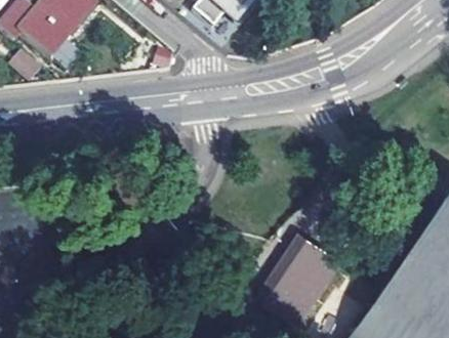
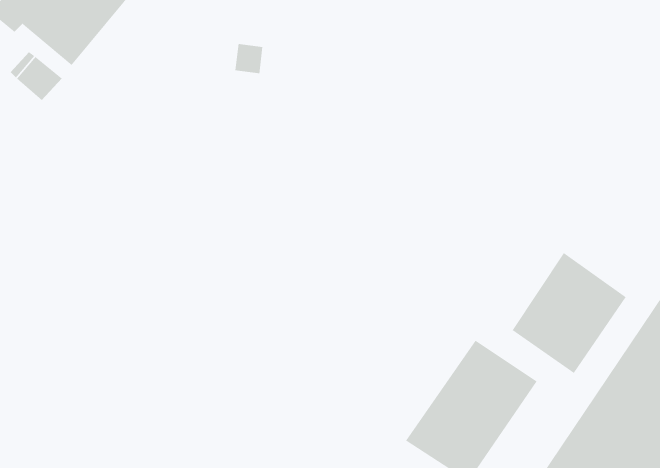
building: none -> [512,252,627,374]

